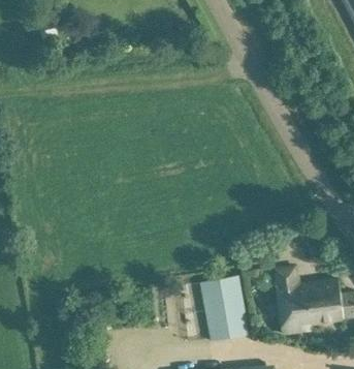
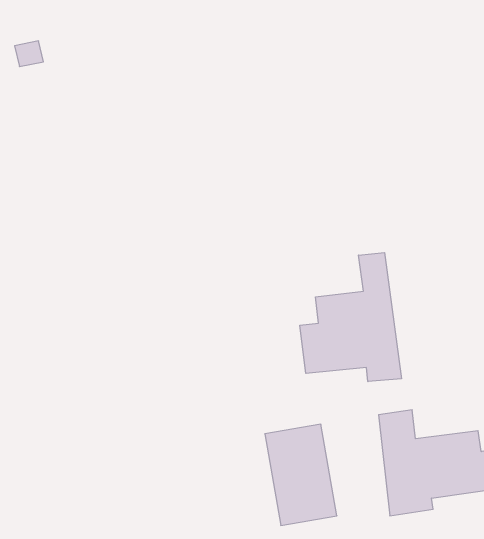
building: none -> [300,253,401,382]

